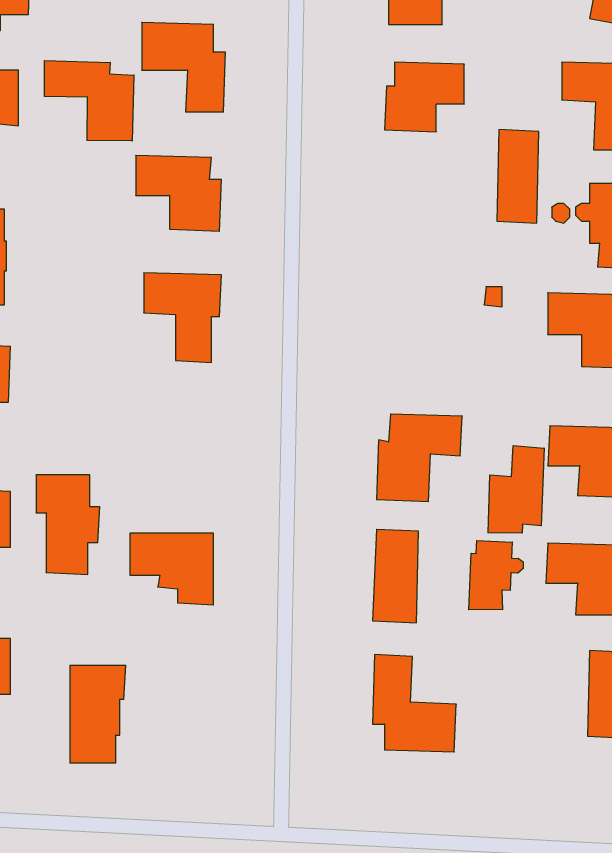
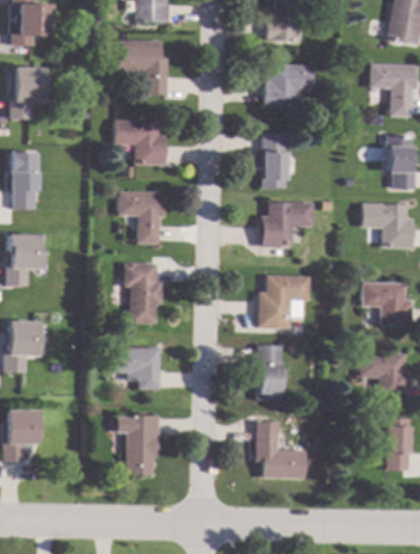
building: [44,61,134,141] -> none
building: [497,130,539,223] -> [262,131,288,187]
building: none -> [261,201,314,246]
building: [488,446,544,533] -> none
building: [36,475,100,574] -> [125,263,163,322]
building: [469,541,523,610] -> none
building: [70,665,126,763] -> [128,414,161,473]

